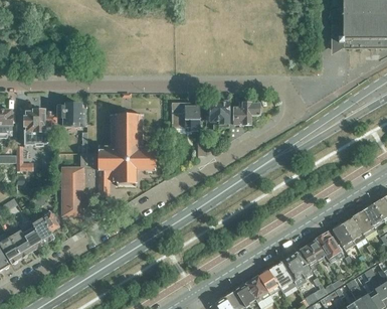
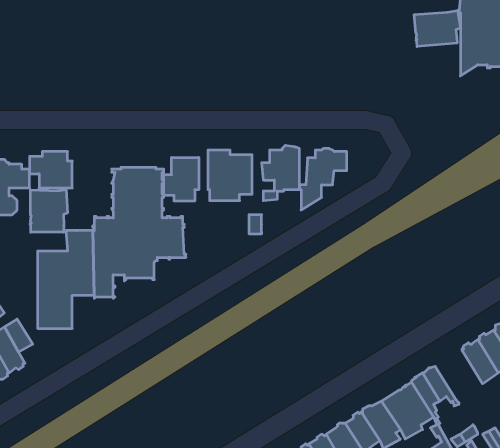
building: none -> [414,10,460,47]
building: none -> [164,157,199,201]
building: none -> [30,189,67,232]
building: [316,234,344,263] -> none

